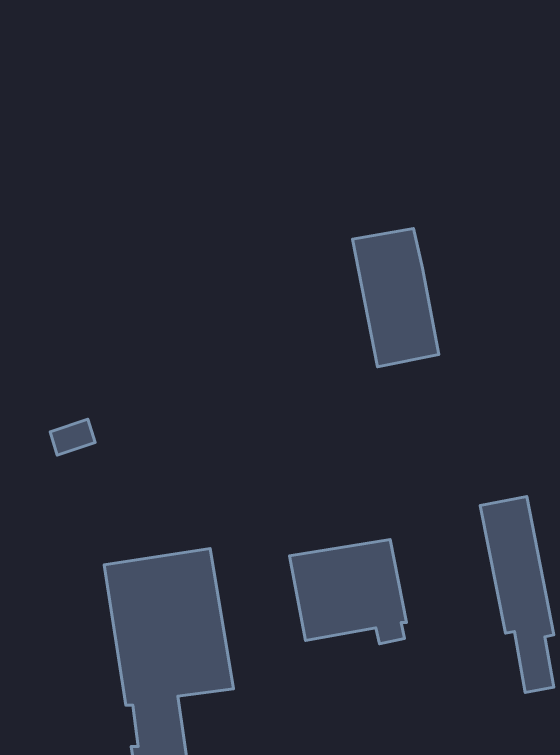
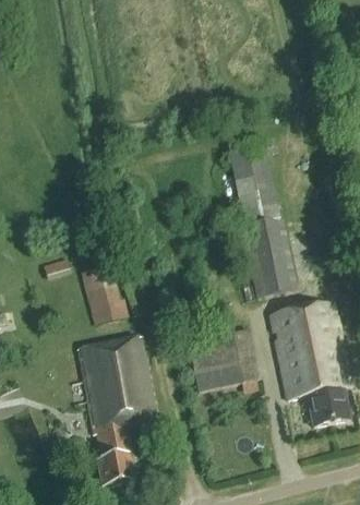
building: none -> [244,219,296,299]
building: none -> [82,265,130,325]
building: none -> [274,310,333,426]

